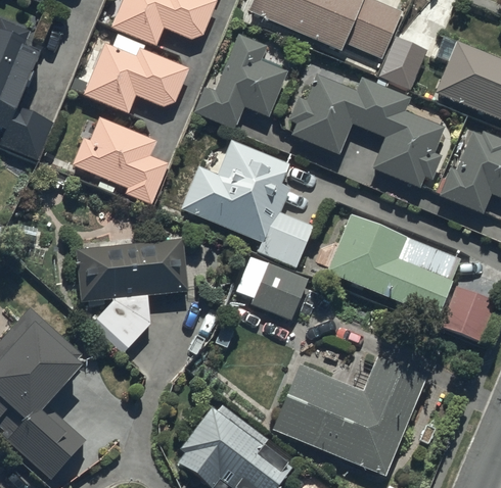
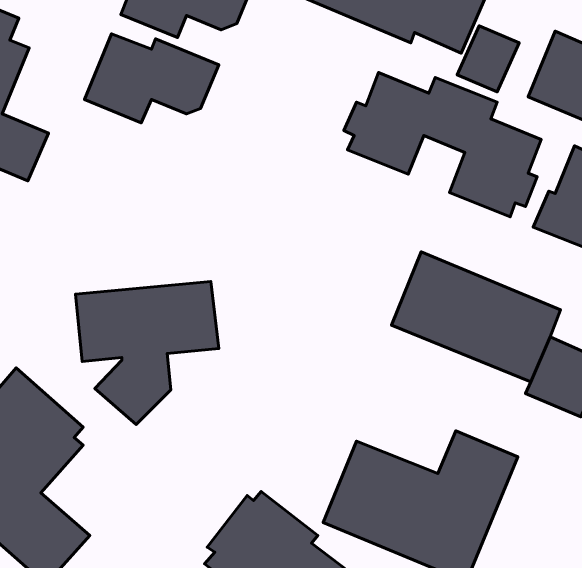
building: [194,33,287,128] -> none
building: [72,115,169,203] -> none
building: [181,140,314,266] -> none
building: [236,254,309,319] -> none

